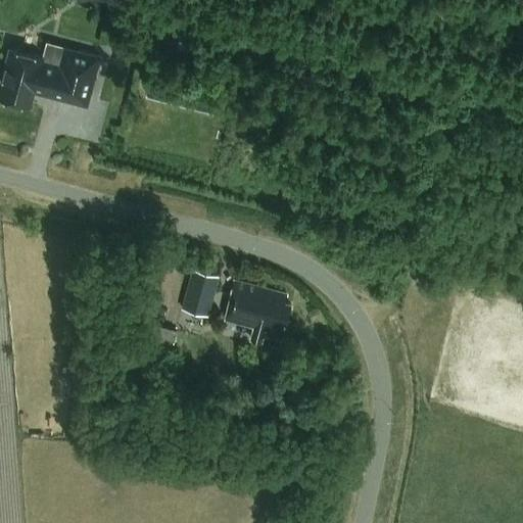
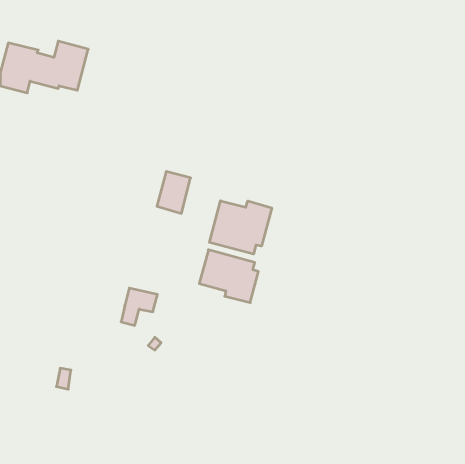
building: none -> [209,201,272,254]
building: [179,273,217,320] -> [157,172,191,213]

